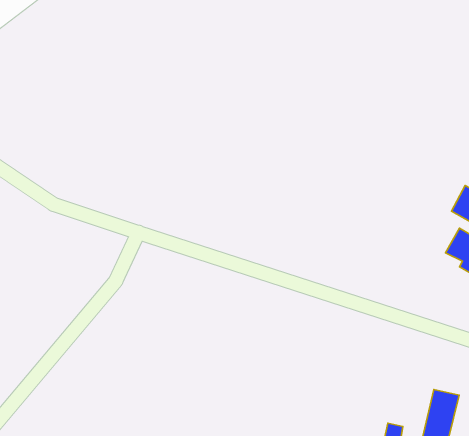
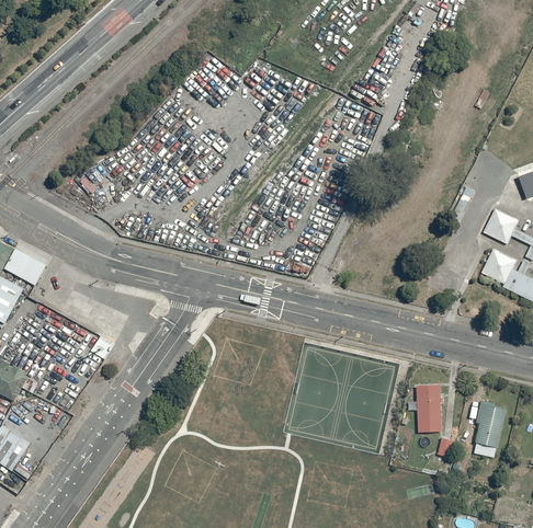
building: none -> [416,383,441,433]

